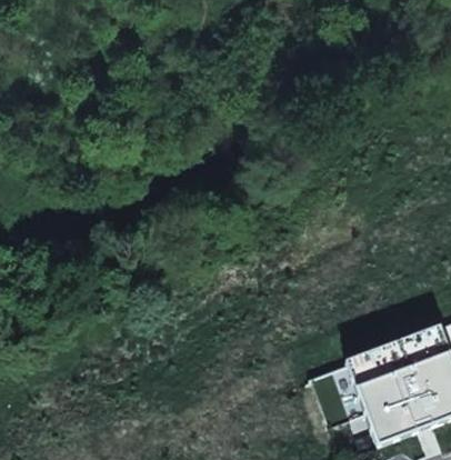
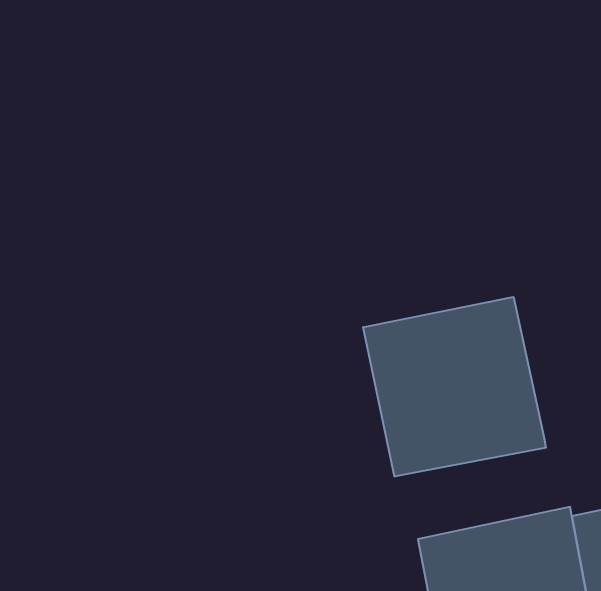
building: none -> [363,297,546,477]

